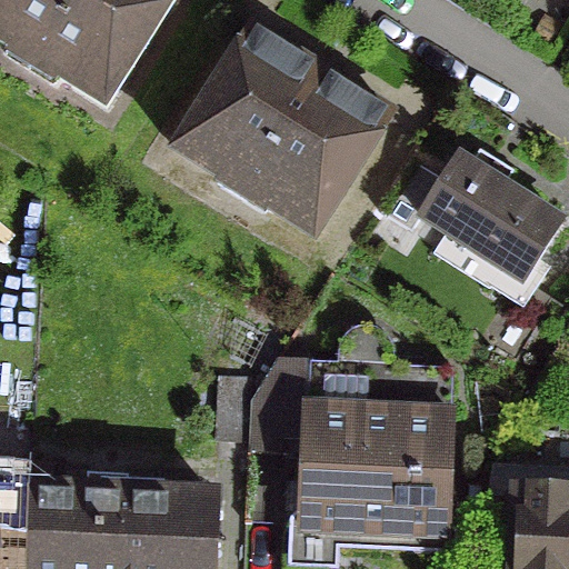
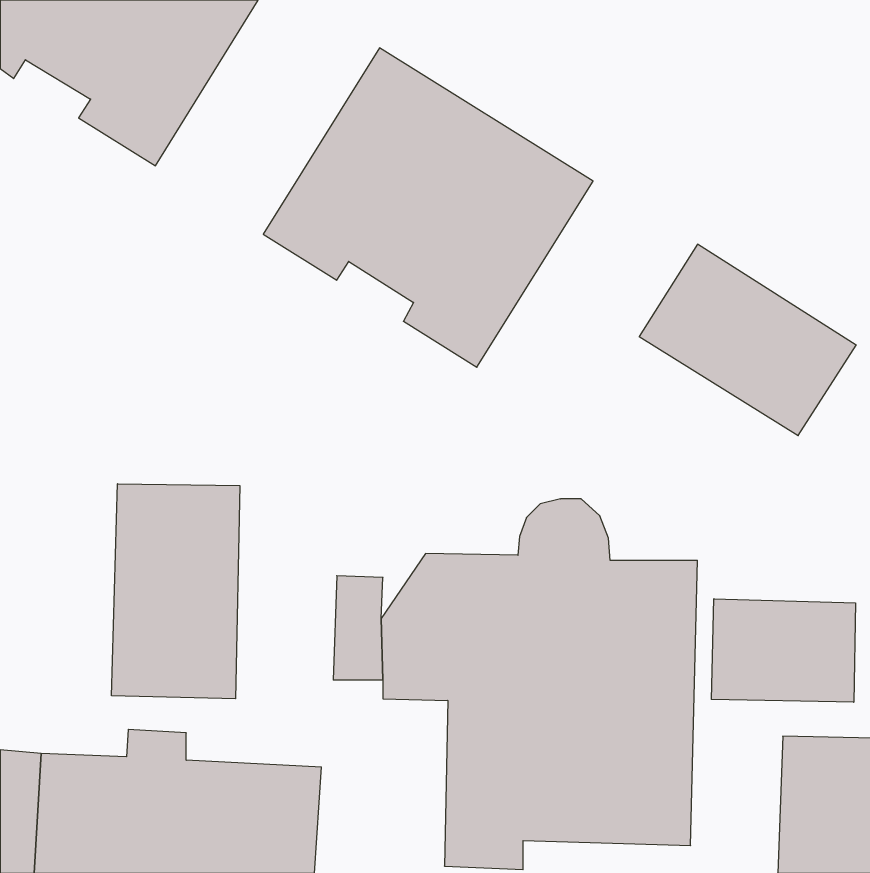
building: none -> [112,484,240,699]
building: none -> [711,599,855,702]

